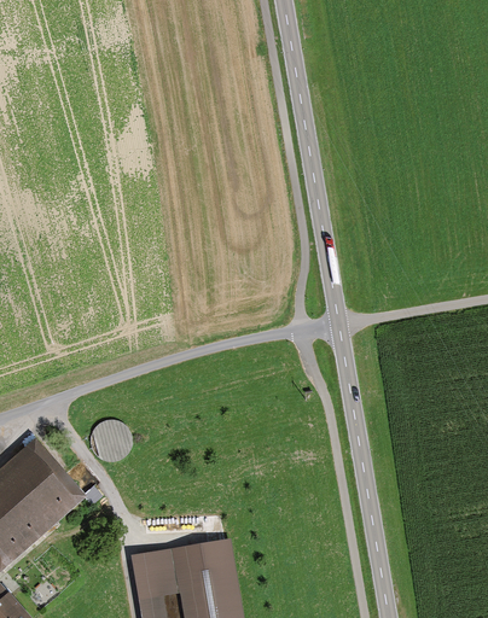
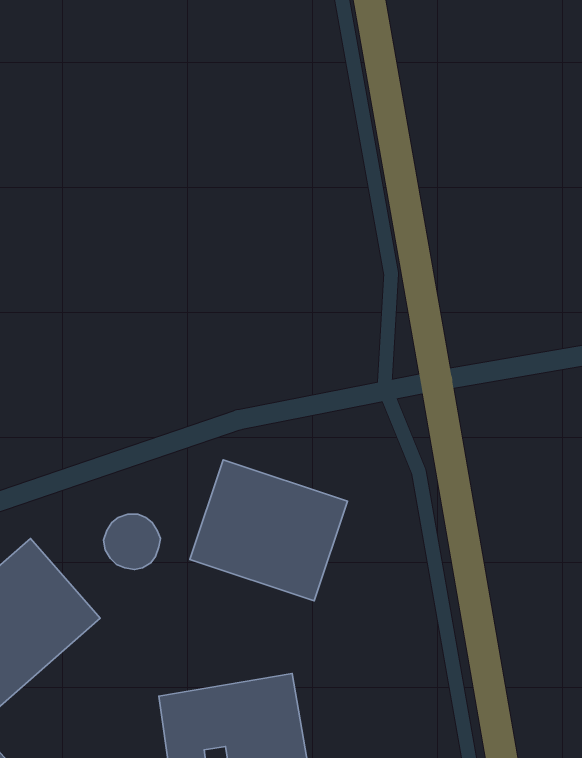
building: none -> [190,460,347,601]

